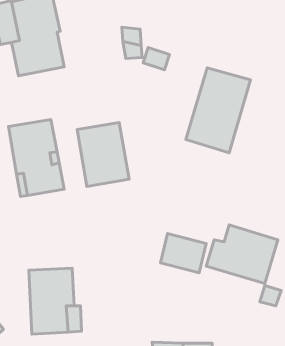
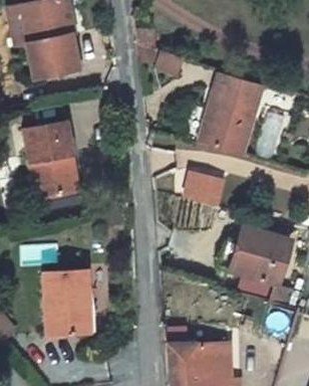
building: [77,123,129,187] -> none
building: [161,233,206,273] -> [180,167,225,206]

